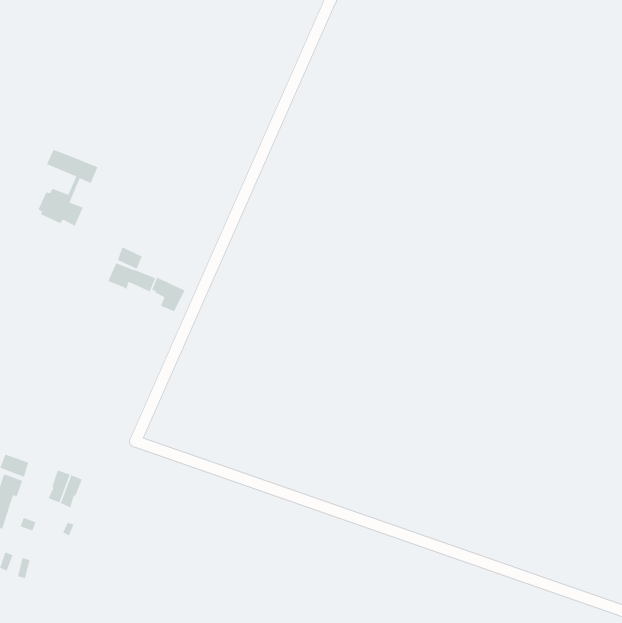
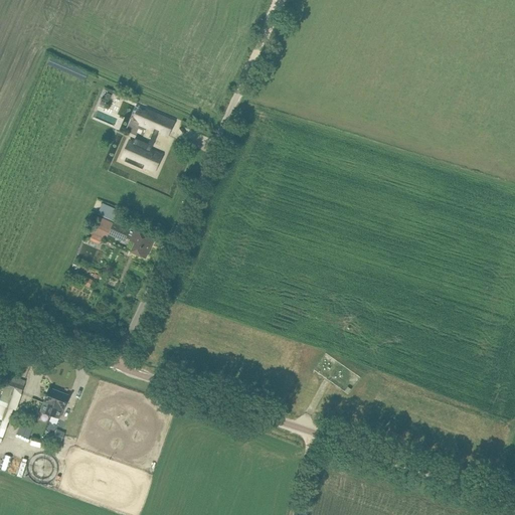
building: [37,149,98,227] -> [122,107,172,171]

